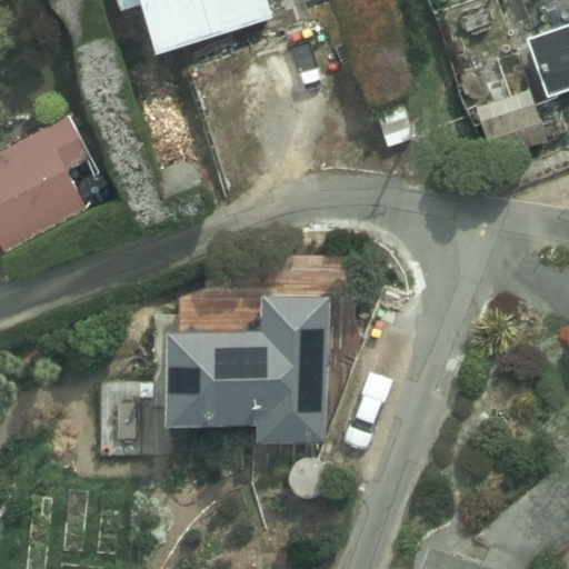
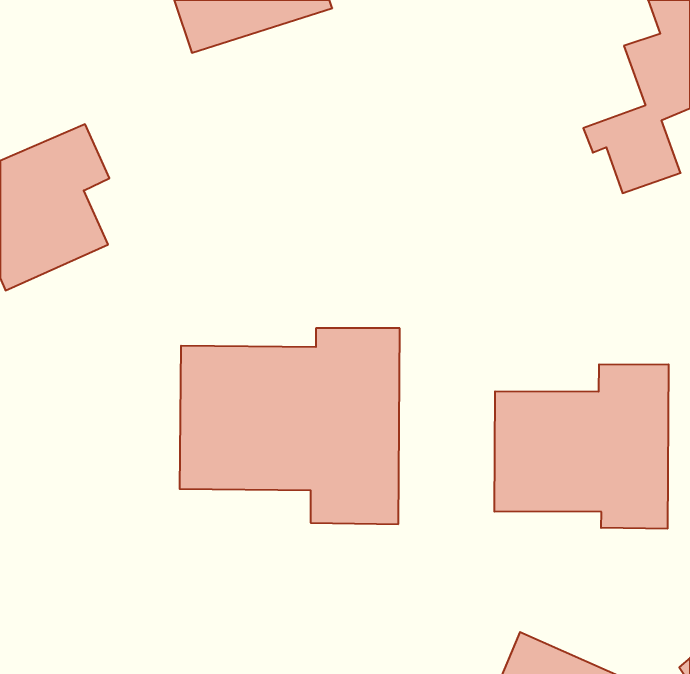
building: none -> [494,364,669,529]

